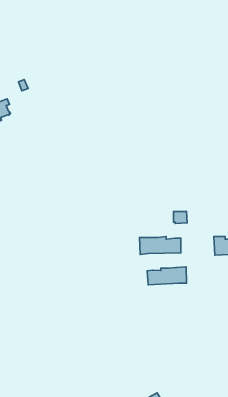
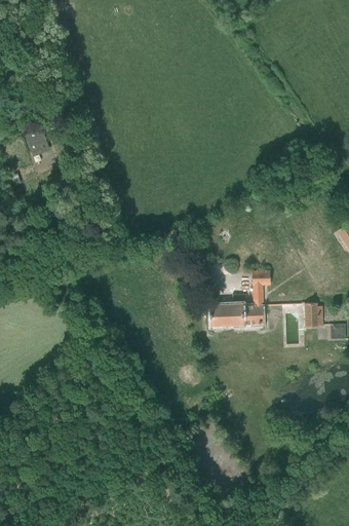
building: [147,267,187,285] -> none

